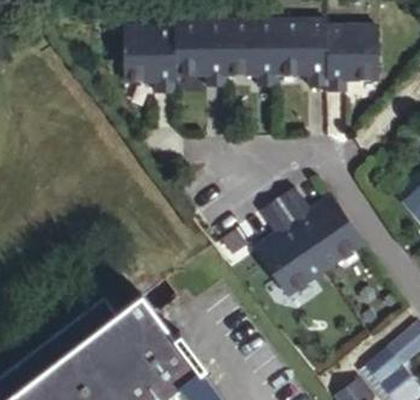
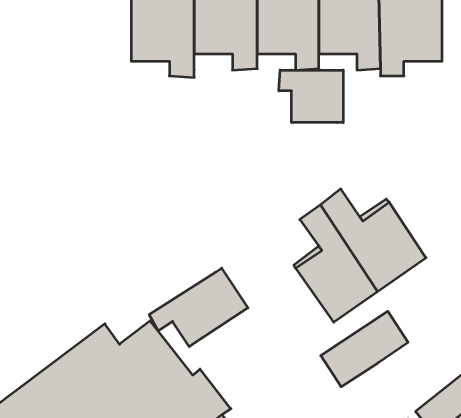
building: none -> [279,70,343,123]
building: none -> [149,268,248,347]
building: none -> [321,311,408,387]

